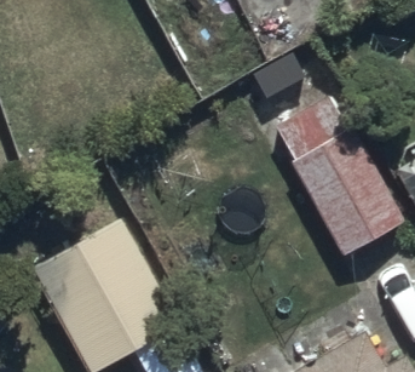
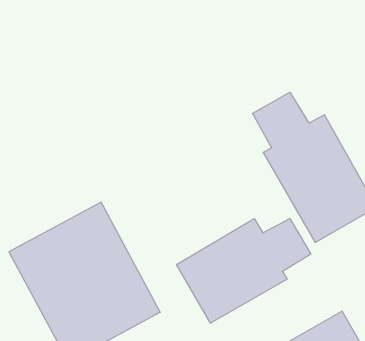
building: none -> [177,218,311,323]

